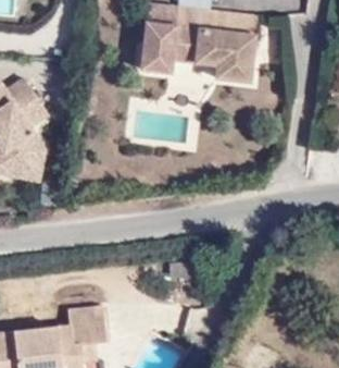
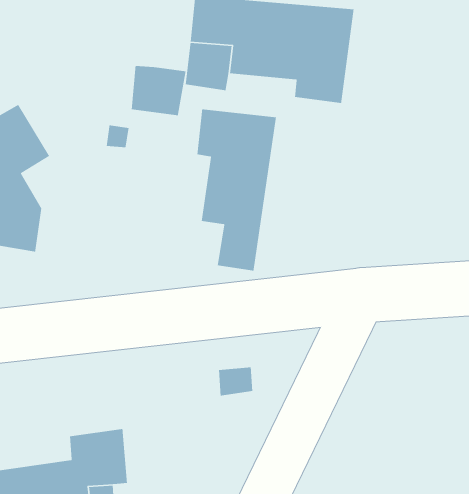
building: none -> [131,65,186,116]
building: none -> [196,109,277,272]

